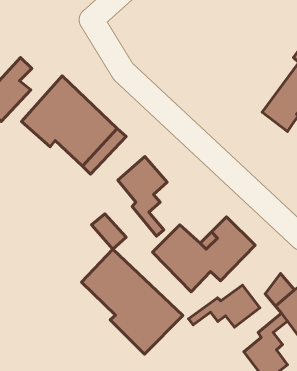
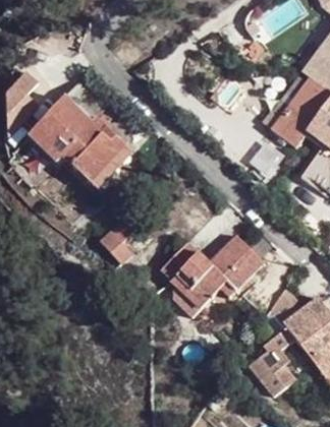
building: [118,156,167,236] -> none
building: [81,249,183,354] -> none
building: [188,285,260,327] -> none

